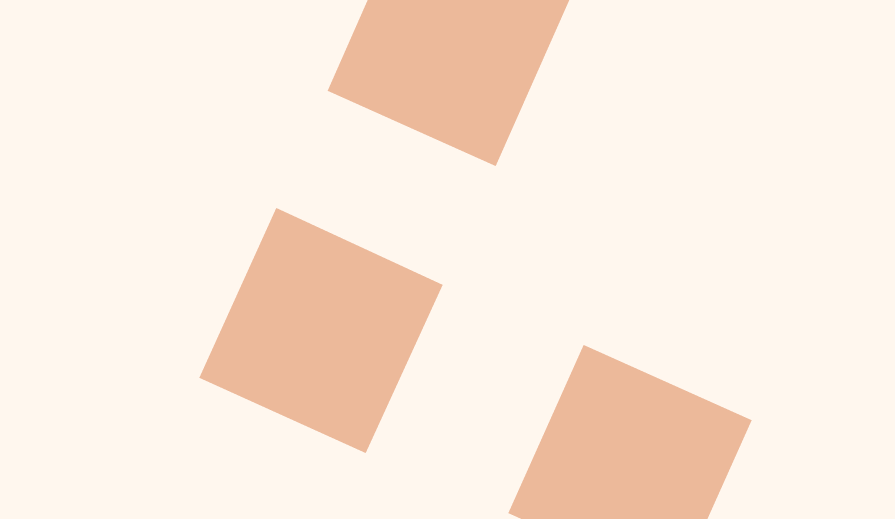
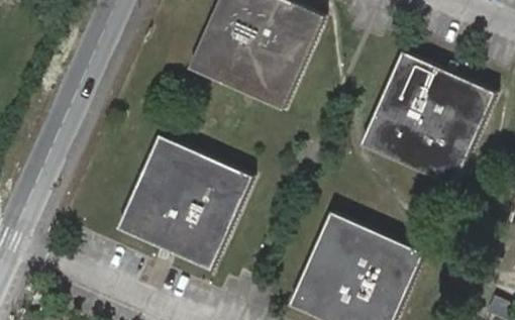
building: none -> [358,49,496,188]

